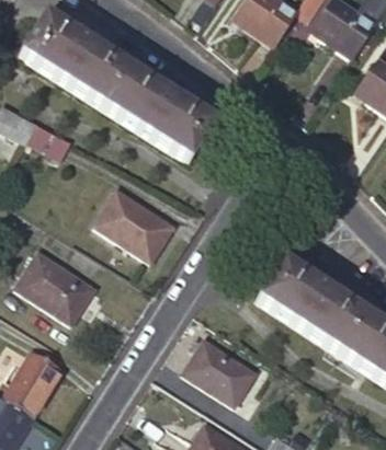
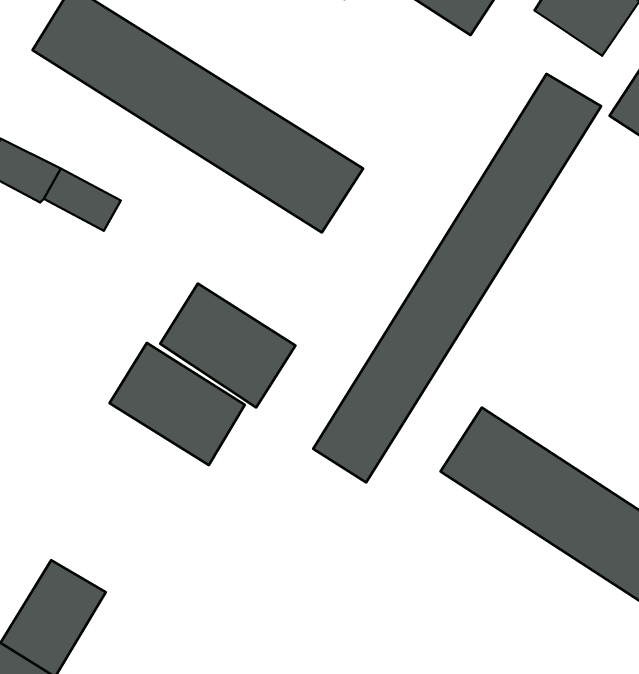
building: none -> [313,74,601,483]
building: [14,254,93,325] -> [109,343,245,465]
building: [184,341,257,407] -> none

